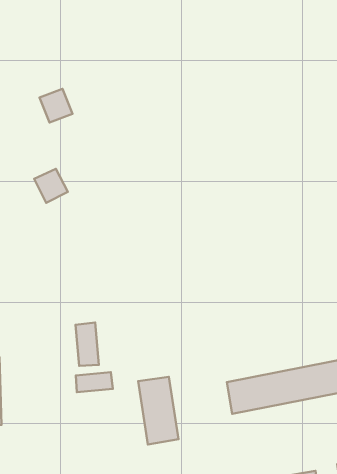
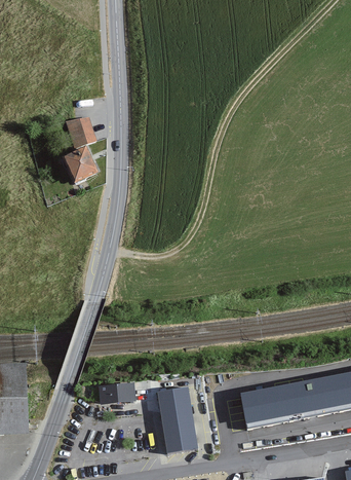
building: [34,169,68,203] -> [65,150,96,182]
building: [76,323,99,366] -> none

